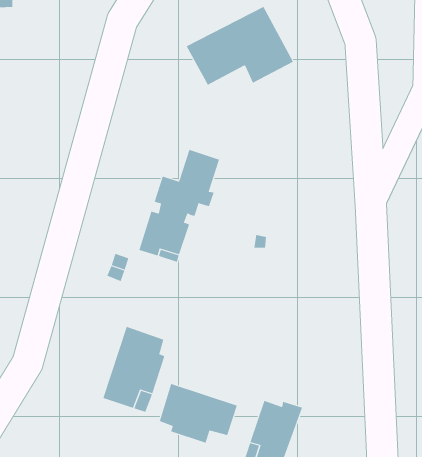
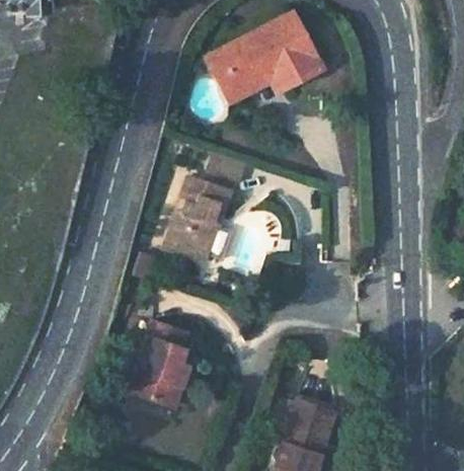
building: none -> [206,53,281,102]
building: [159,383,237,443] -> none

